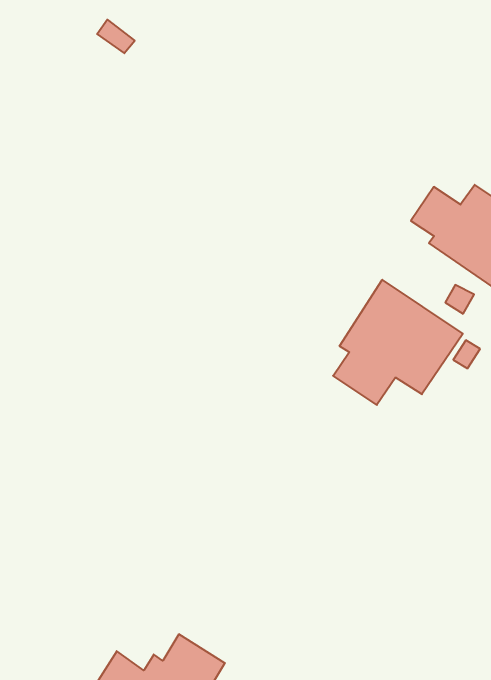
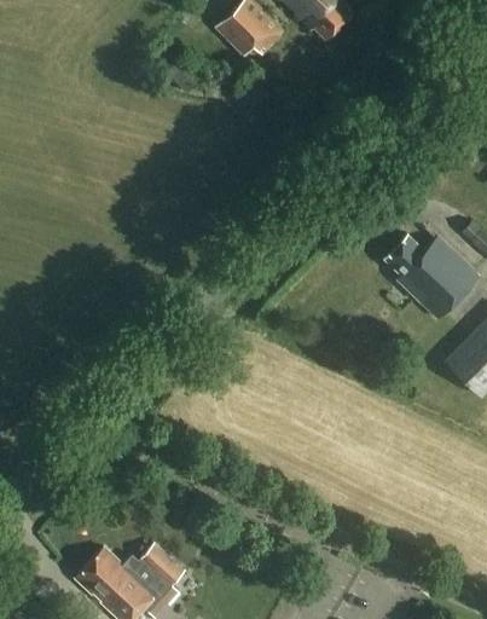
building: [333,280,463,405] -> none

